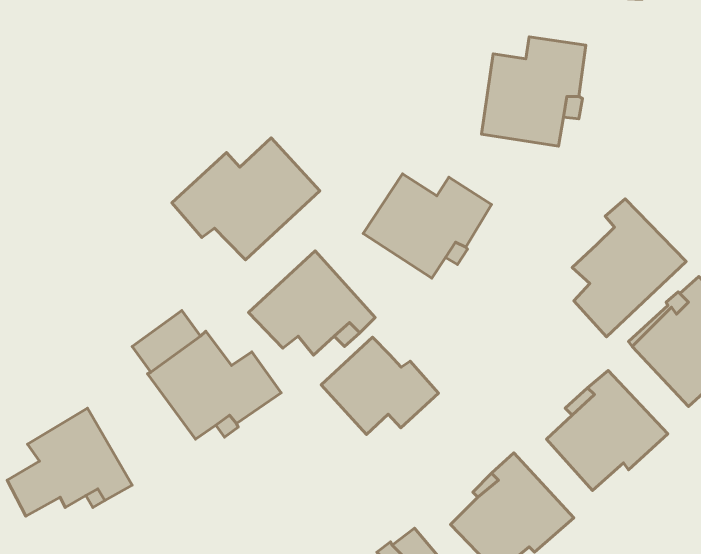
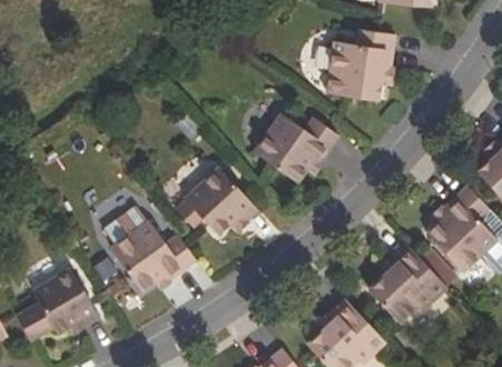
building: [172,138,320,260] -> none
building: [572,199,686,337] -> none
building: [321,337,439,434] -> none

